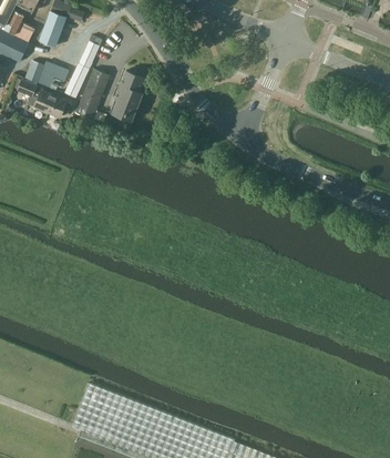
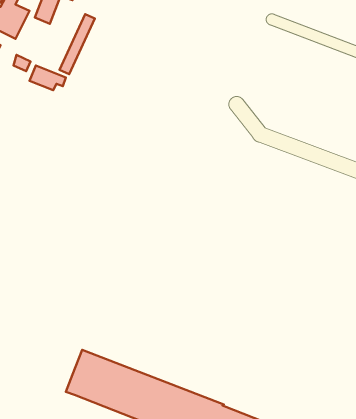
building: [24,61,68,89] -> none
building: [75,70,109,120] -> none
building: [112,70,143,120] -> none

